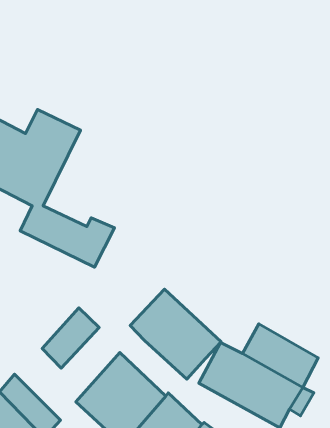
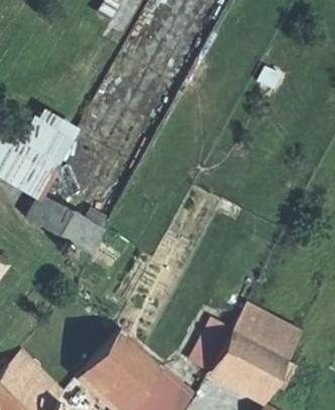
building: [130,289,221,379] -> none
building: [42,308,99,368] -> none

